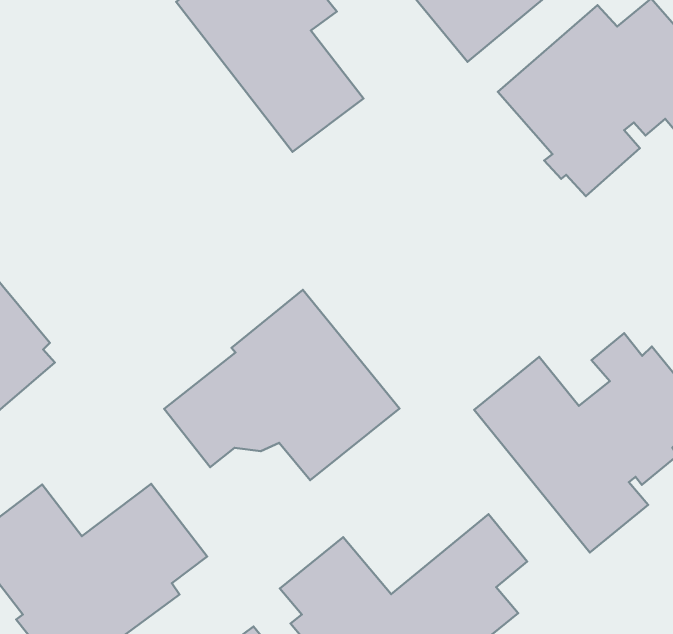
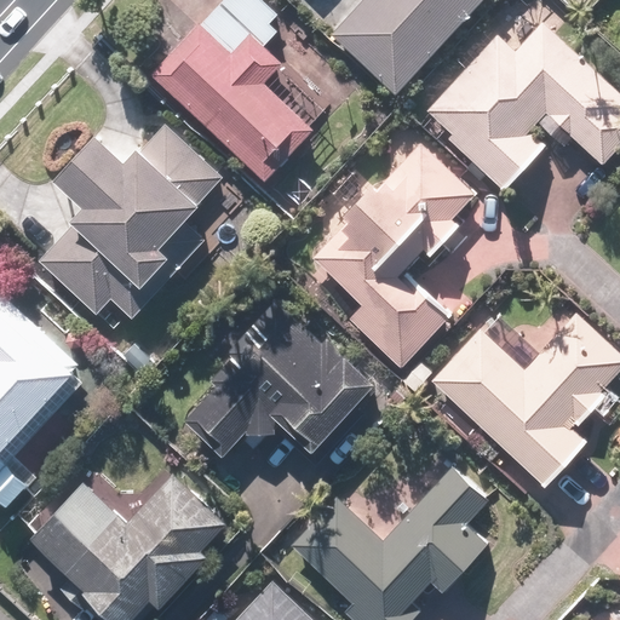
building: none -> [38,122,225,318]
building: none -> [308,143,473,368]

